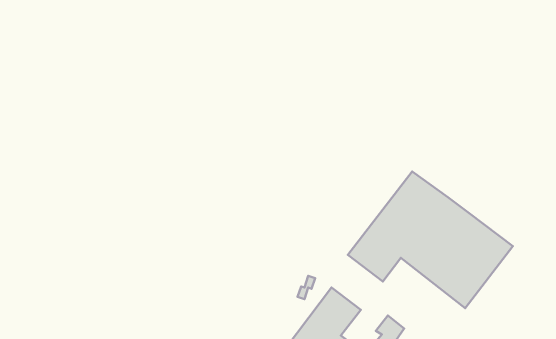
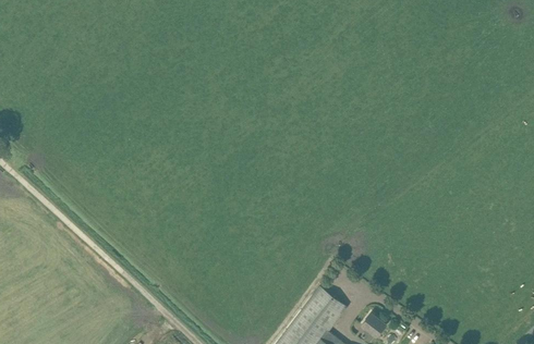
building: [348,172,513,308] -> none

